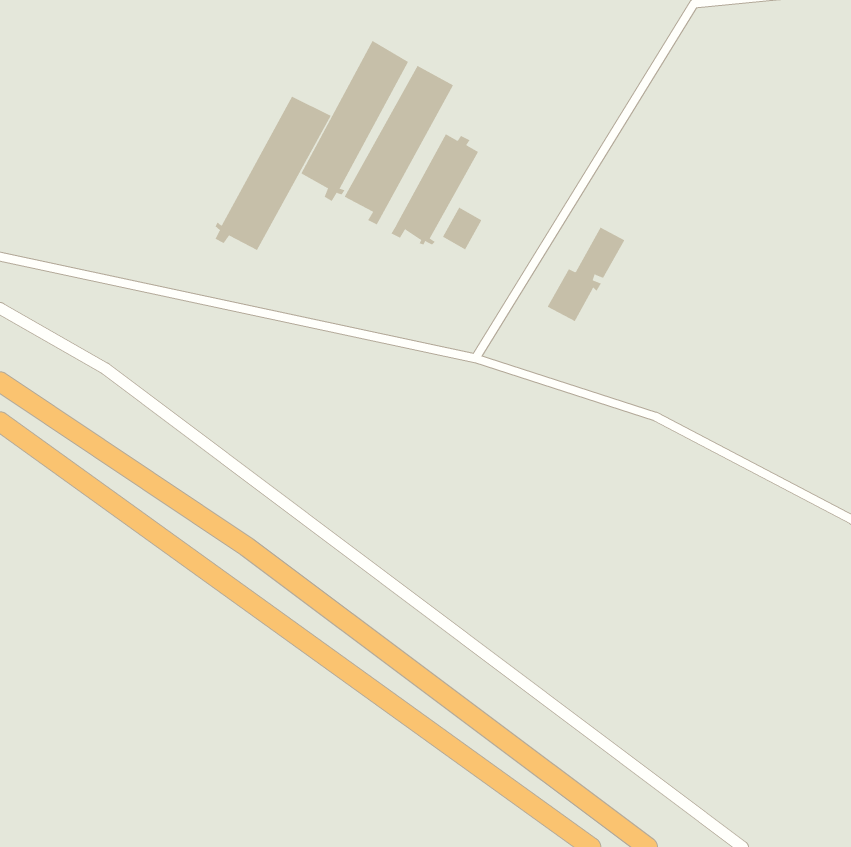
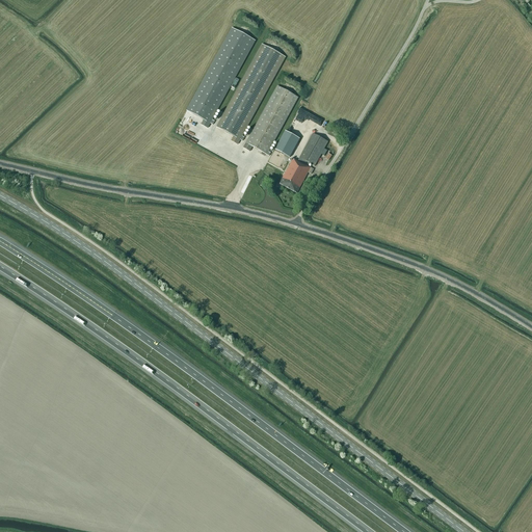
building: [215,96,331,251] -> none
building: [547,227,625,322] -> [281,131,329,190]

